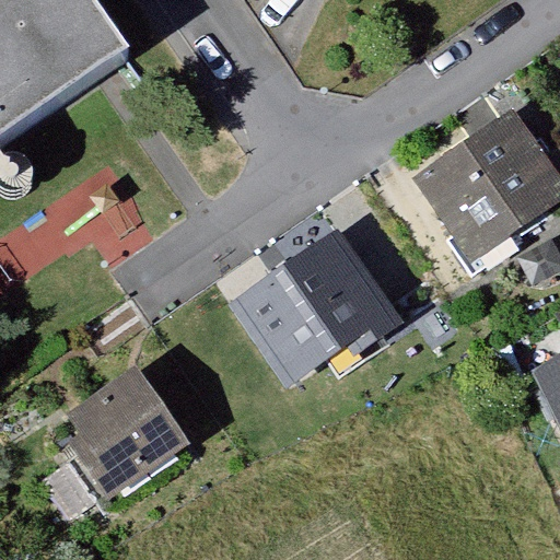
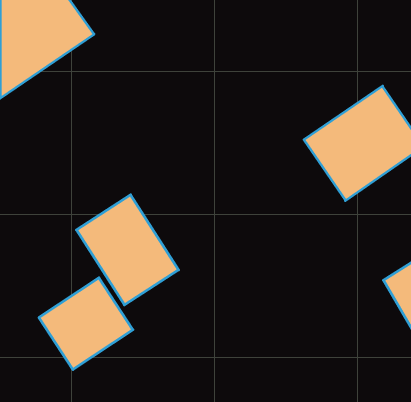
building: [226,240,386,387] -> none
building: none -> [76,195,179,305]

